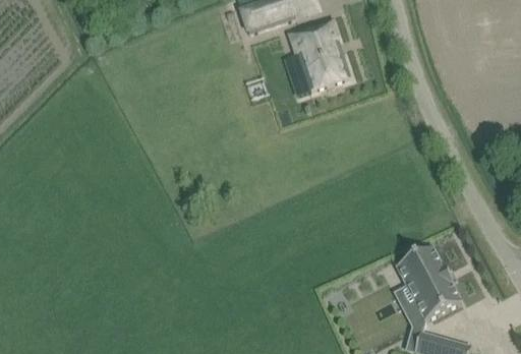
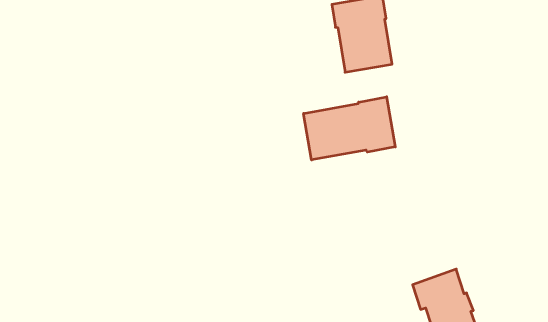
building: none -> [304,97,395,160]

